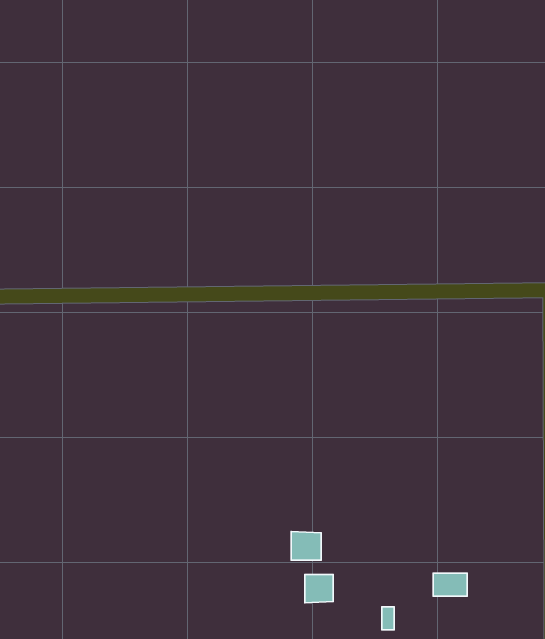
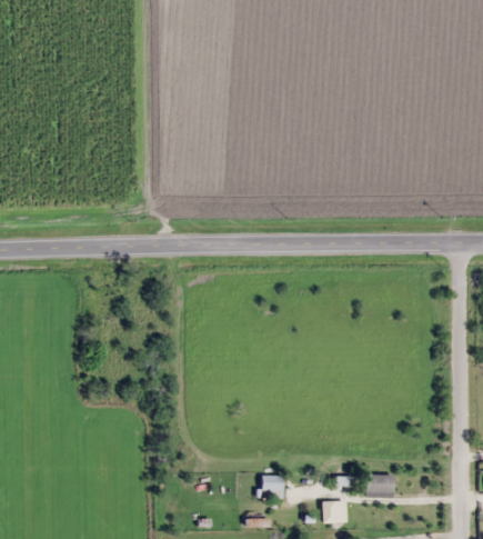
building: [291,531,321,560] -> none

